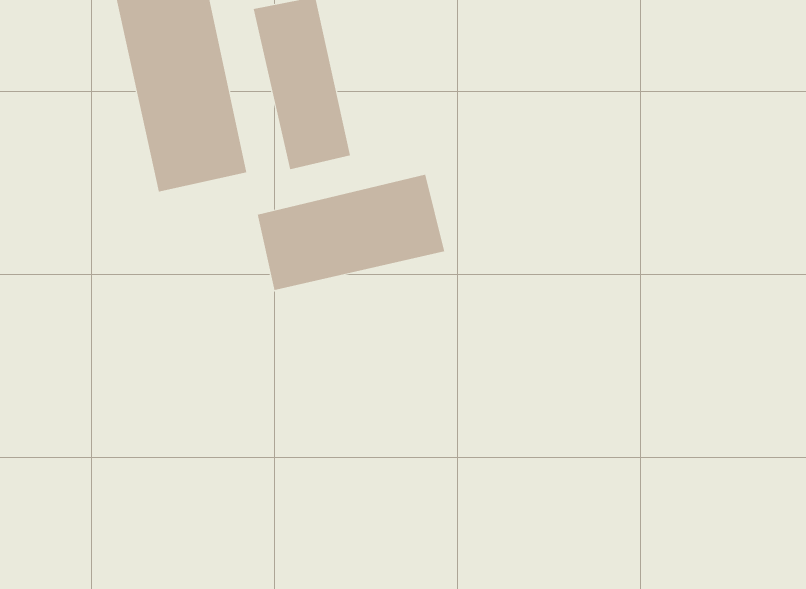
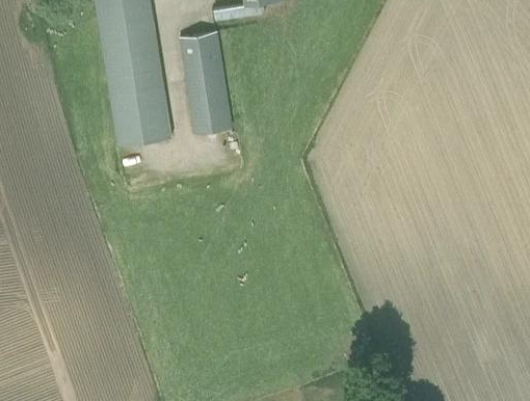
building: [257,174,445,291] -> none

